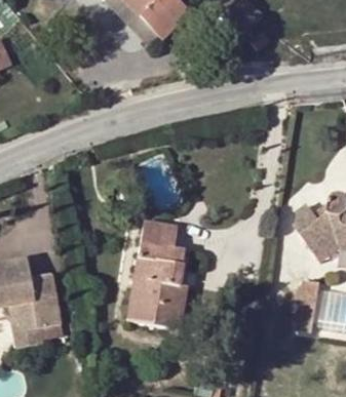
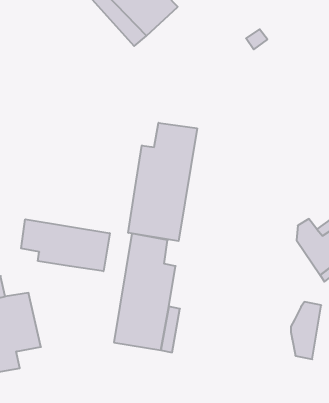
building: none -> [128,123,197,241]
building: none -> [21,219,110,271]

